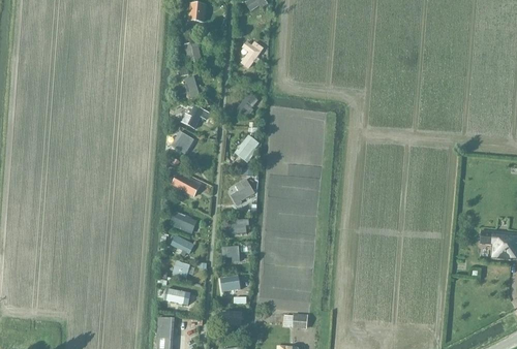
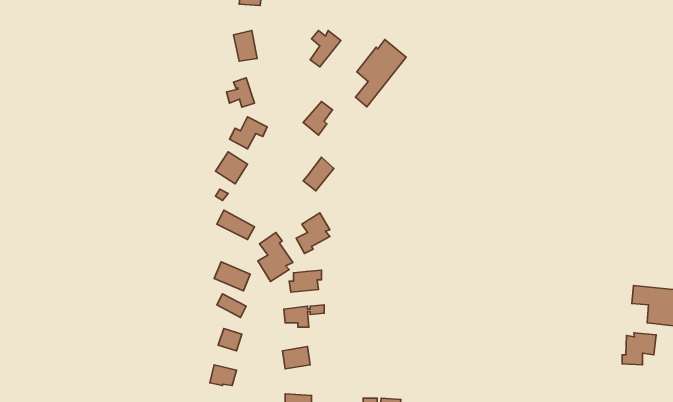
building: none -> [356,39,406,107]
building: none -> [258,232,293,282]
building: none -> [622,333,656,365]

